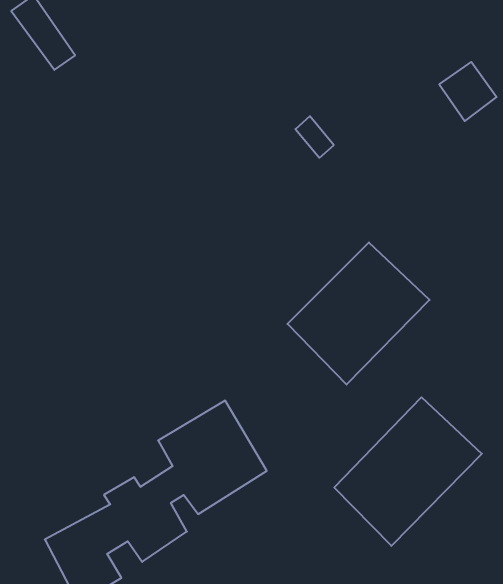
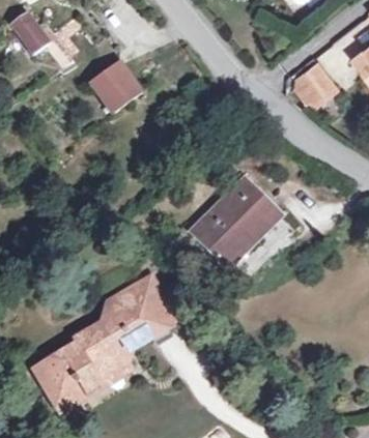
building: none -> [82,61,139,117]
building: [334,397,482,546] -> none

